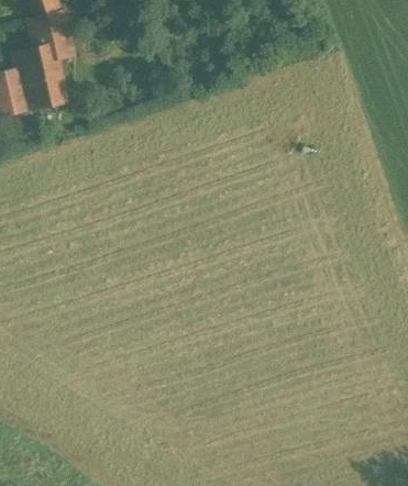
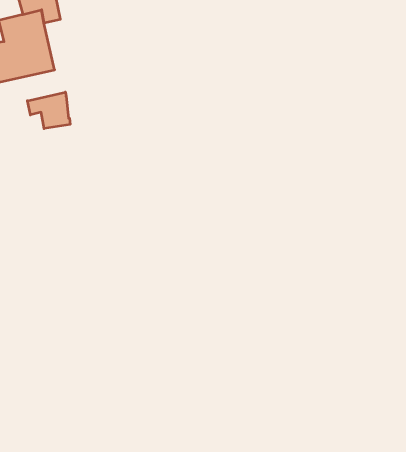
building: none -> [27,92,70,129]

